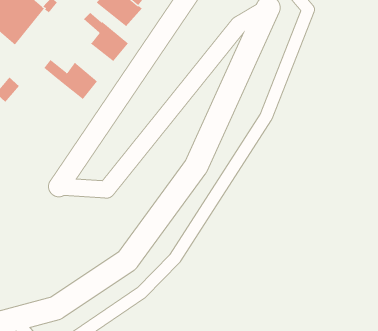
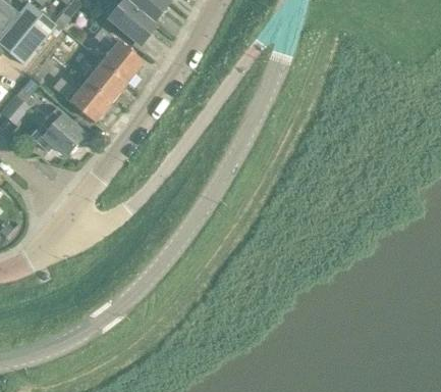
building: none -> [87,56,127,100]
building: none -> [31,108,85,153]

